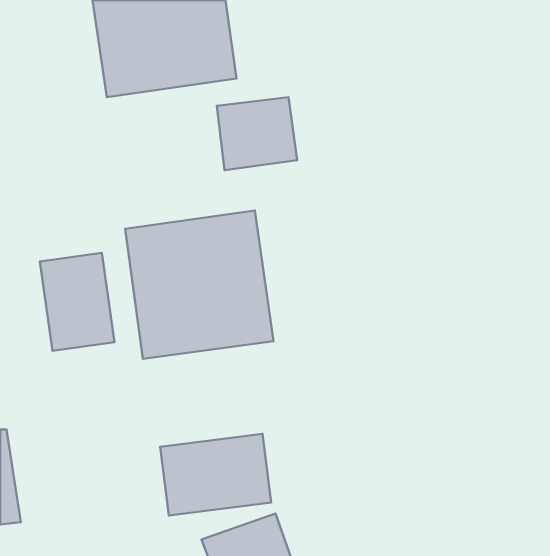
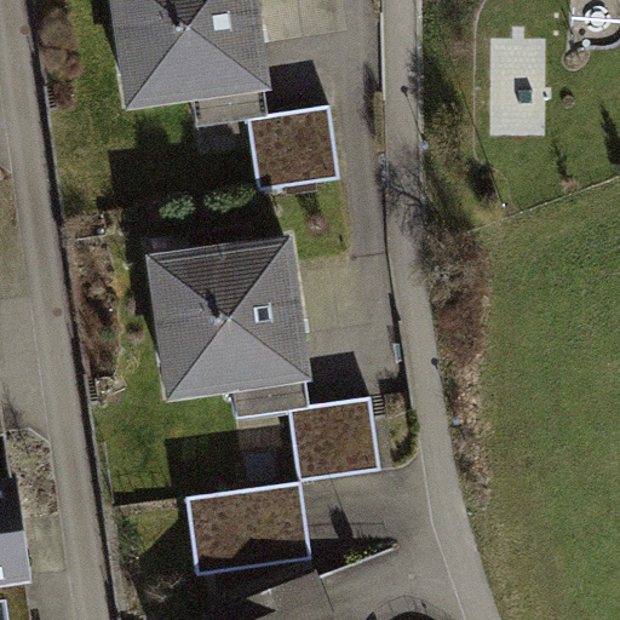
building: [40,253,115,351] -> none
building: none -> [288,400,378,481]

